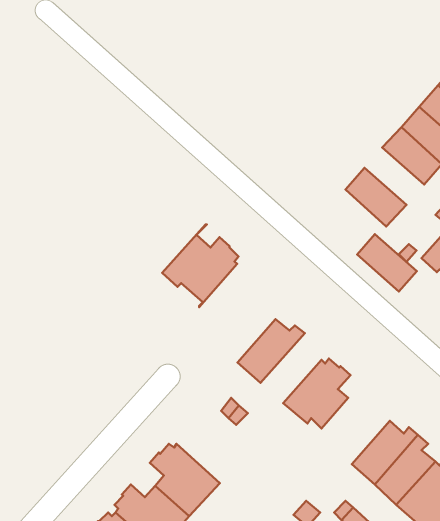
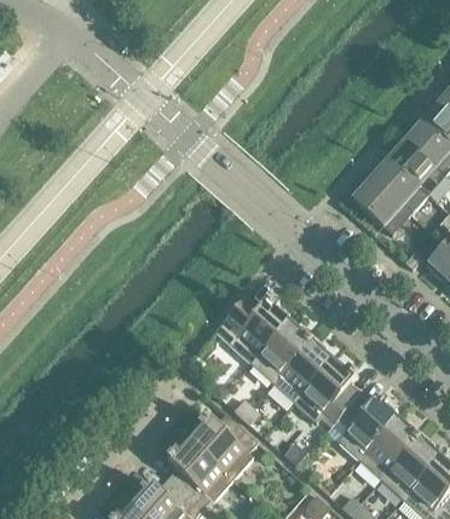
building: [162,225,238,307] -> [214,286,287,364]
building: [357,234,417,291] -> [370,160,427,214]
building: none -> [271,336,329,403]
building: none -> [329,394,396,461]
building: none -> [190,414,258,479]

